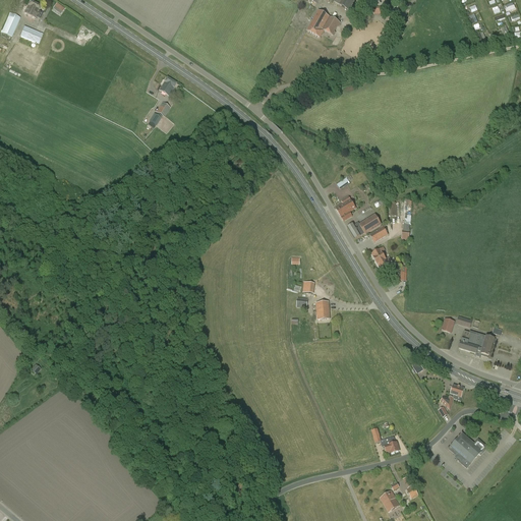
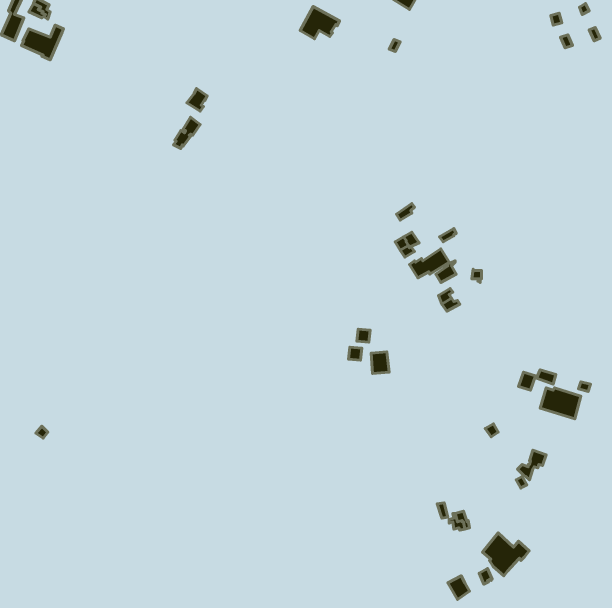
building: [307,8,341,36] -> [300,7,340,39]
building: [448,430,487,467] -> [482,533,529,576]

